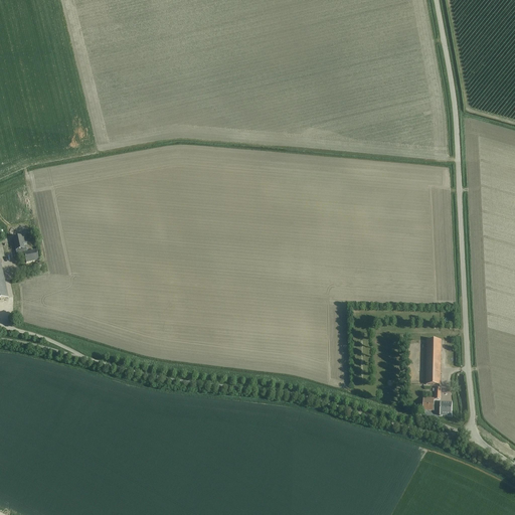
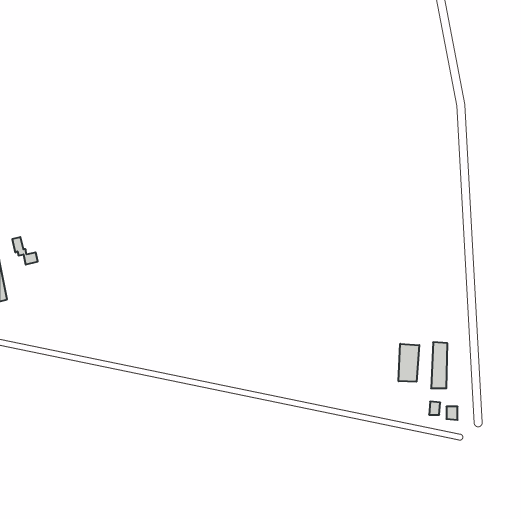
building: none -> [399,344,419,382]

